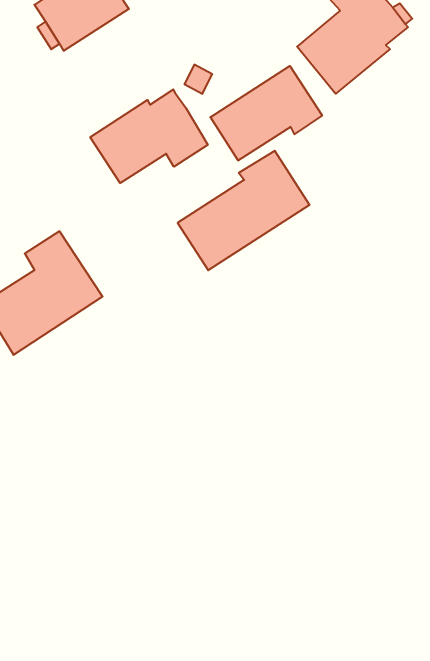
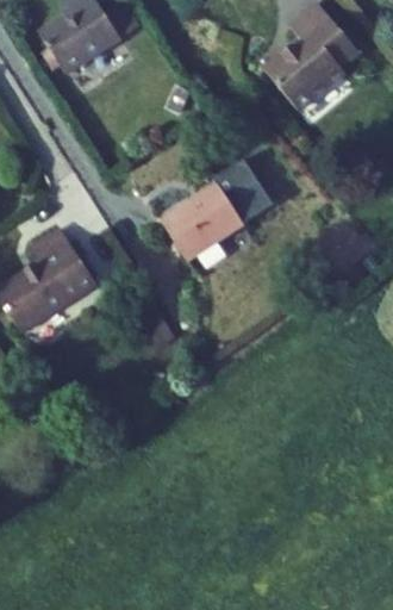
building: [210,66,322,161] -> none
building: [90,89,208,183] -> none

